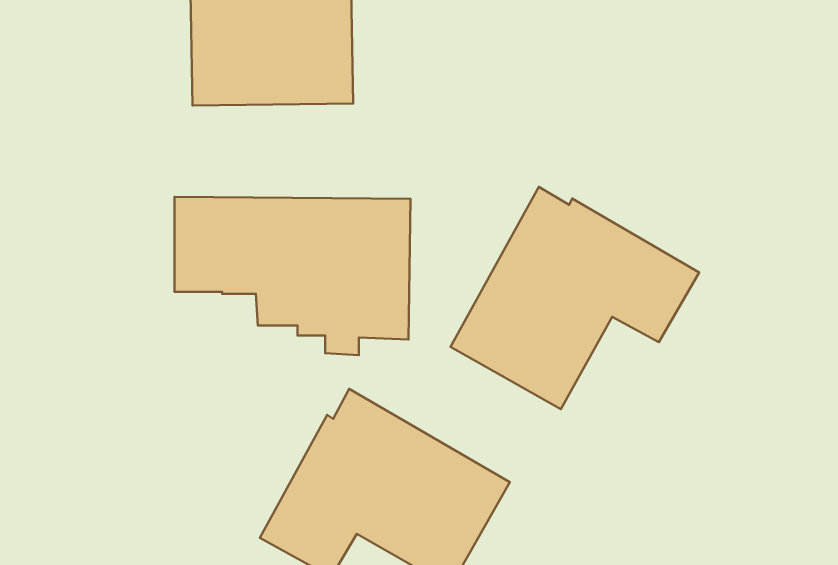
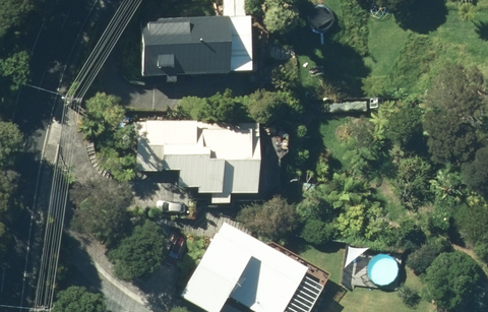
building: [451,187,699,409] -> none

